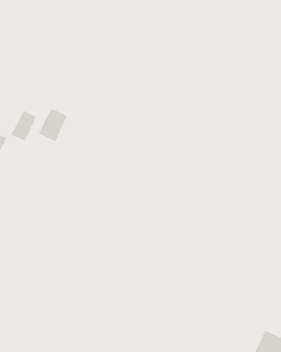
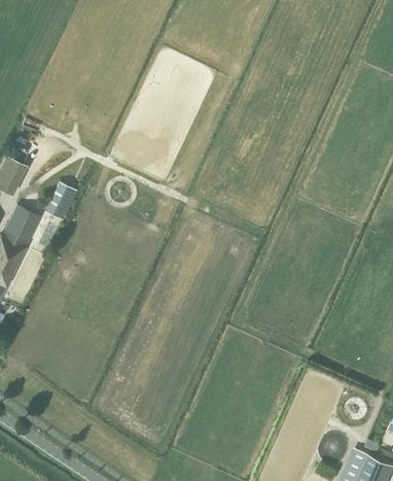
building: [38,108,68,142] -> none

